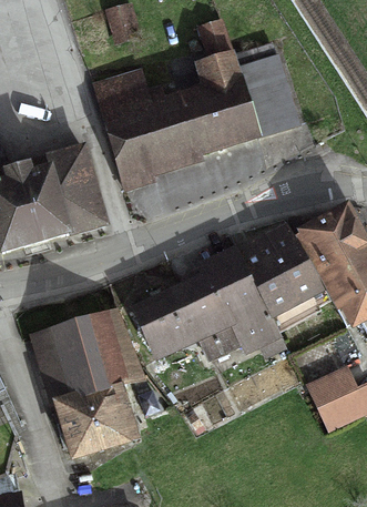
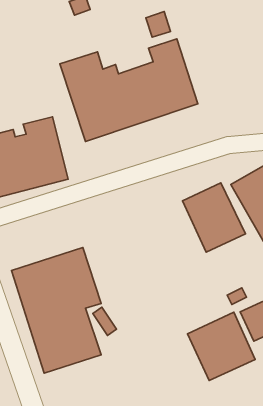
building: [234,45,294,136] -> none
building: [136,246,277,363] -> none
building: none -> [187,312,255,381]

